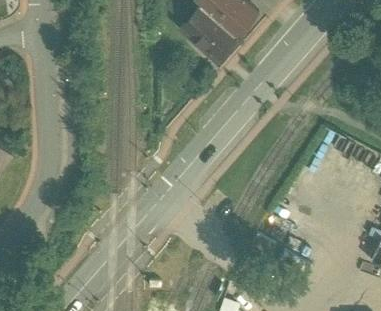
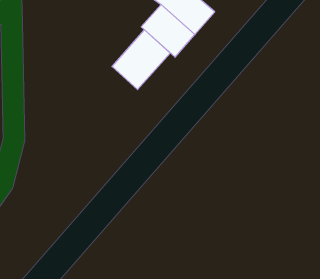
building: none -> [112,30,170,90]

